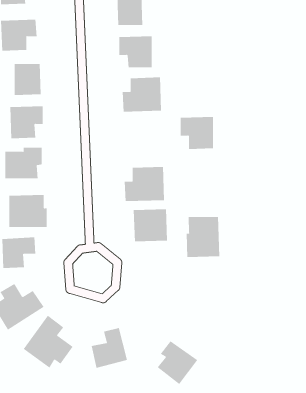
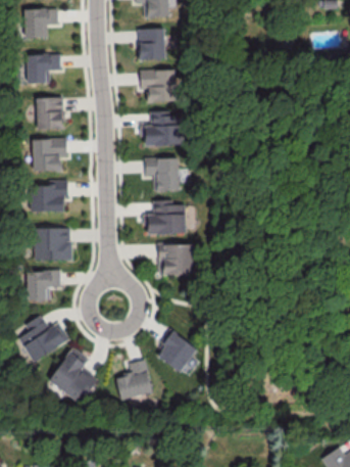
building: [180,116,214,149] -> [146,158,180,191]
building: [186,216,220,258] -> none
building: [157,341,198,385] -> [155,329,196,373]

